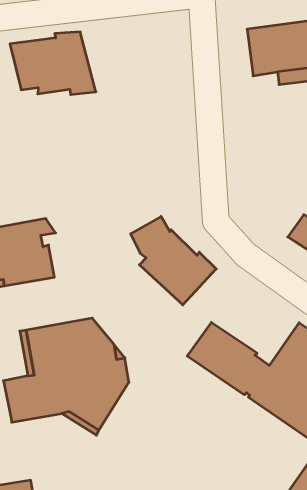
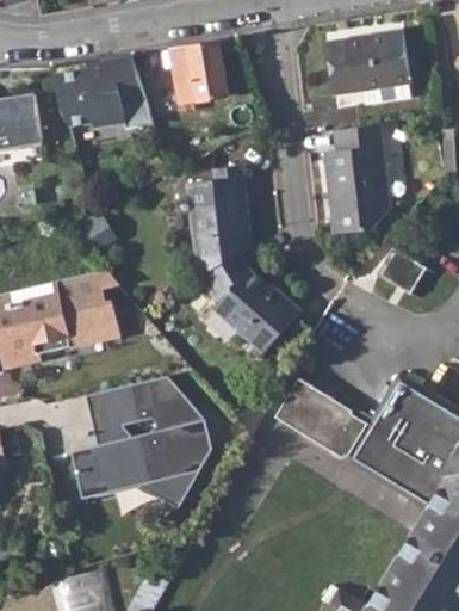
building: none -> [169,43,228,104]
building: none -> [322,125,387,234]
building: none -> [187,174,250,284]

